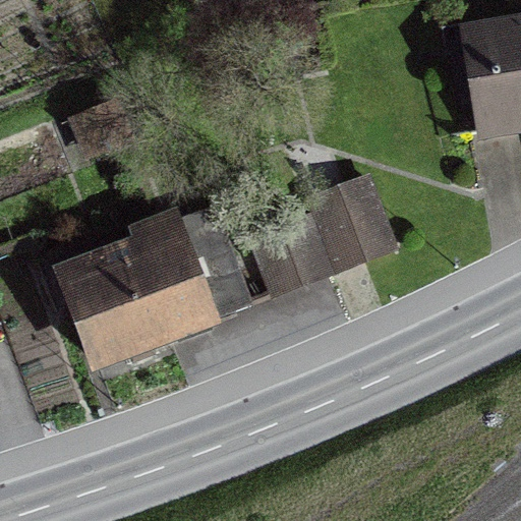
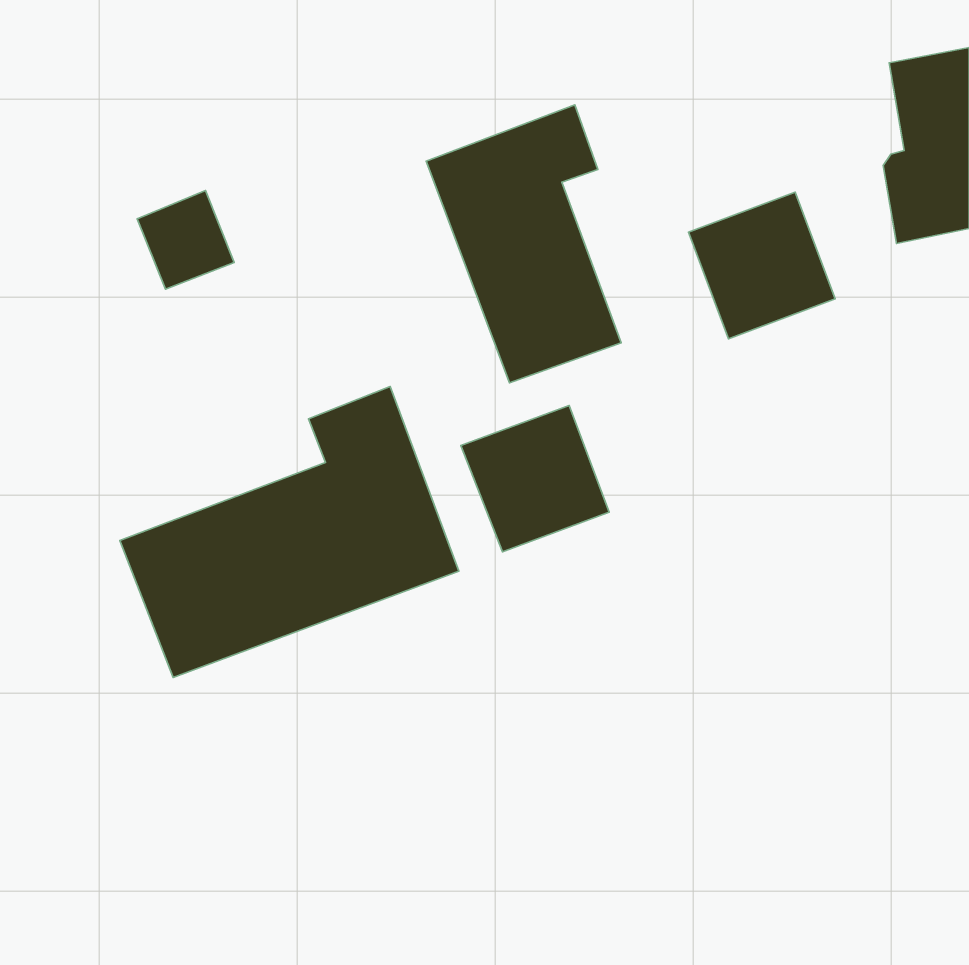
building: none -> [426,105,621,383]
building: [311,192,390,271] -> [688,192,835,339]

